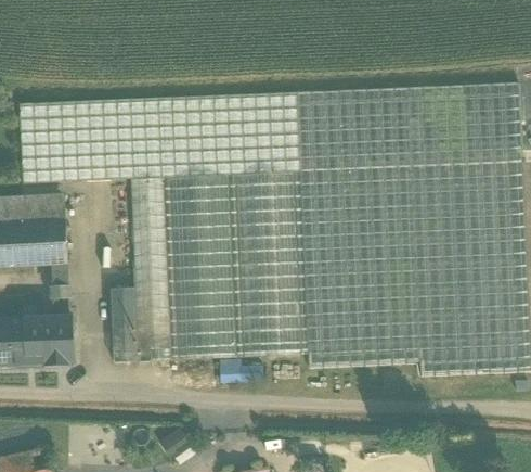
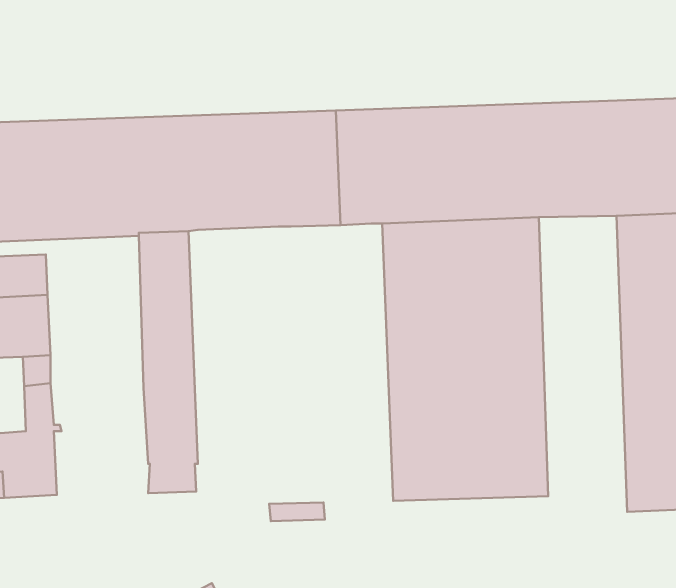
building: [412,166,474,375] -> none
building: [238,171,301,358] -> none
building: [173,174,236,361] -> none
building: [112,286,140,361] -> none

